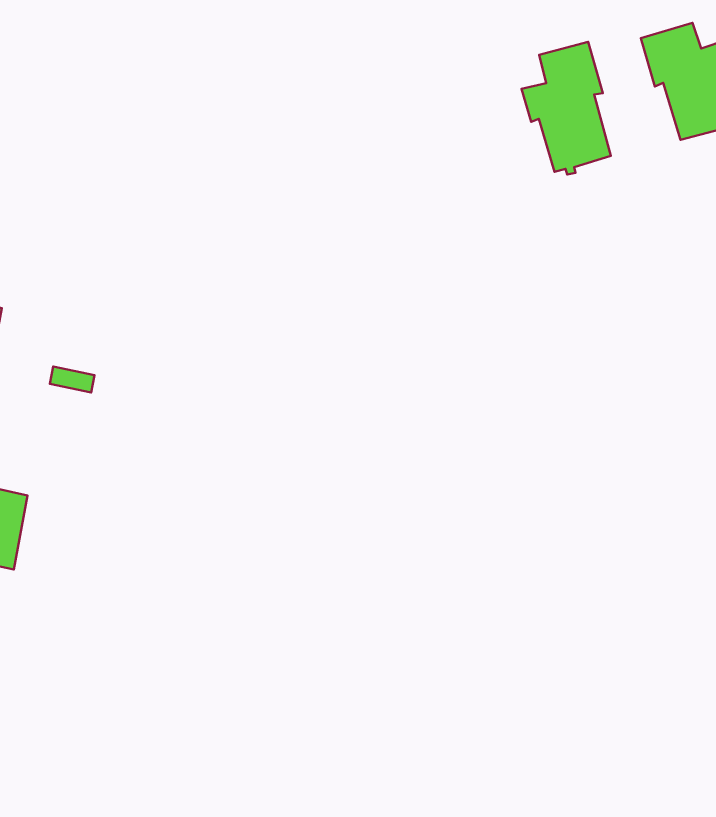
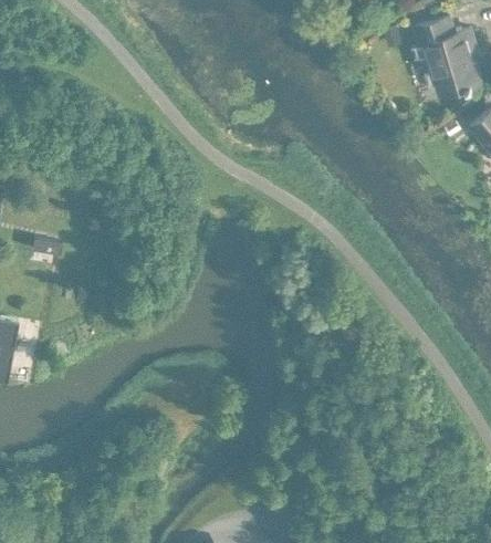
building: [521,42,611,174] -> none

